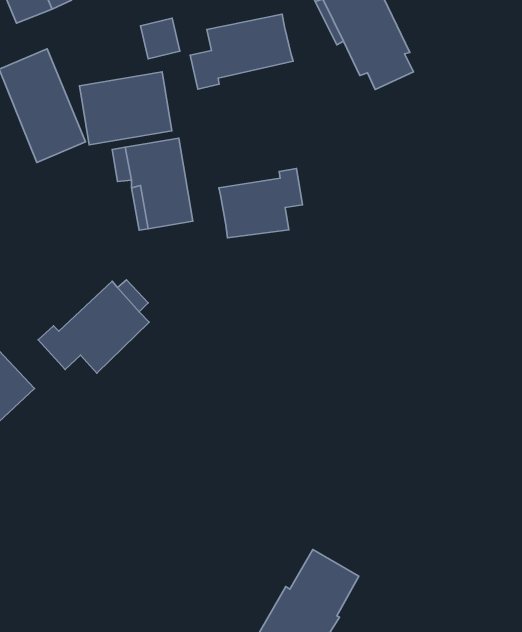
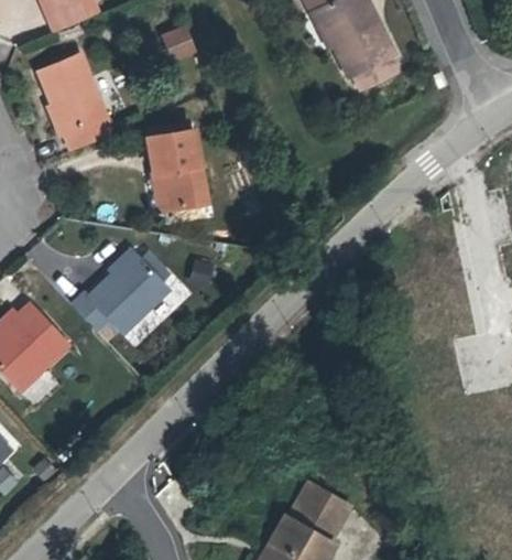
building: [190,14,293,89] -> none
building: [79,72,172,145] -> none
building: [219,169,303,238] -> none

